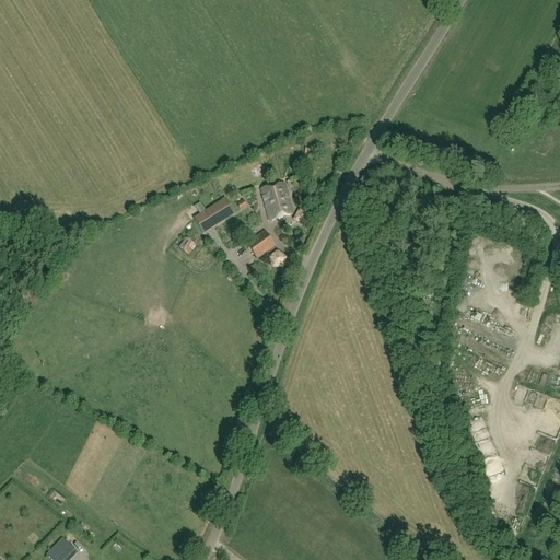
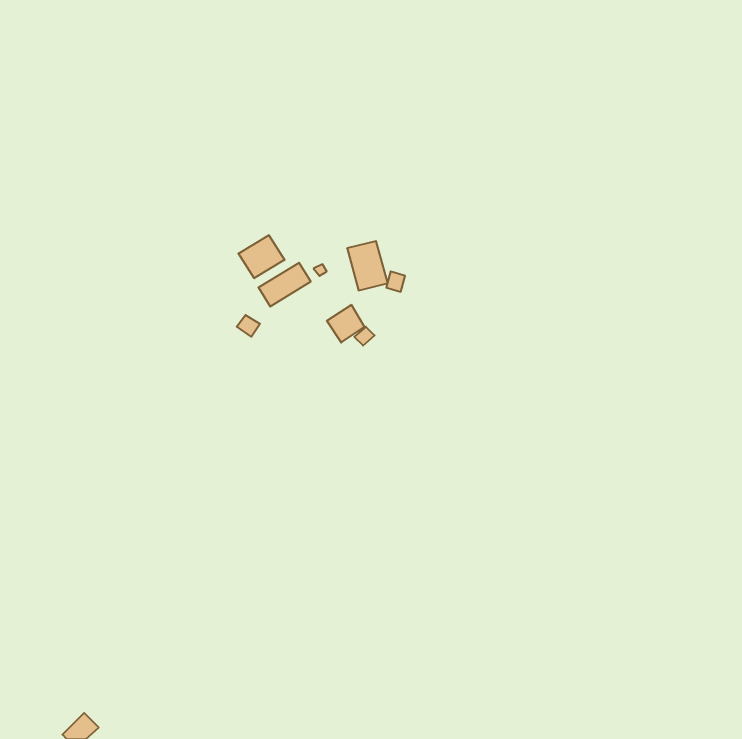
building: none -> [238,235,285,278]

